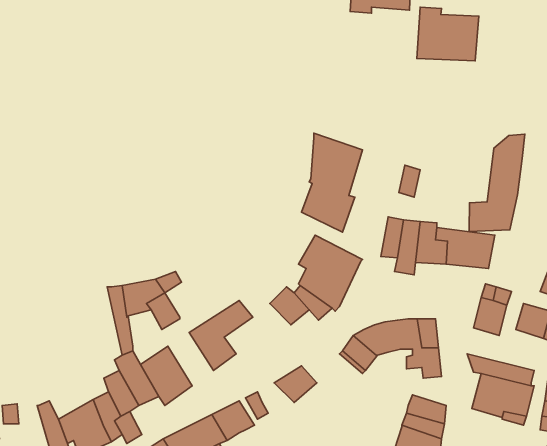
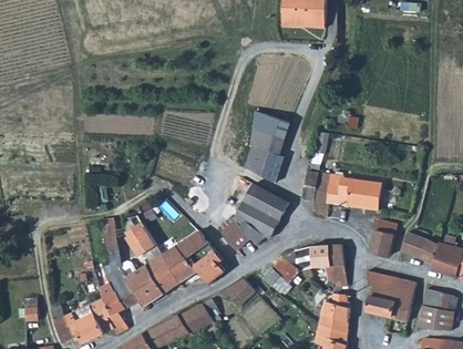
building: [417,7,479,61] -> none
building: [469,134,525,231] -> none
building: none -> [187,244,225,285]
building: none -> [146,255,179,294]

